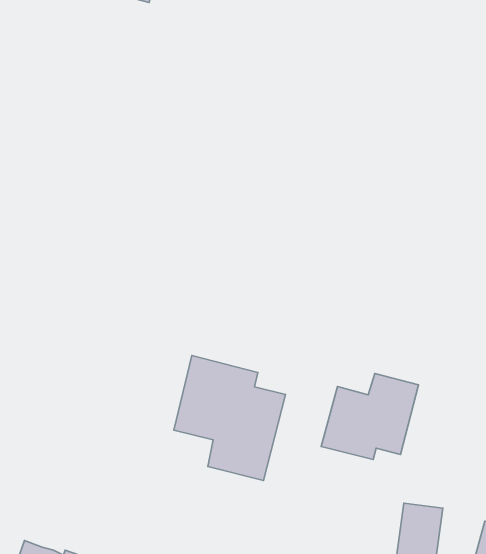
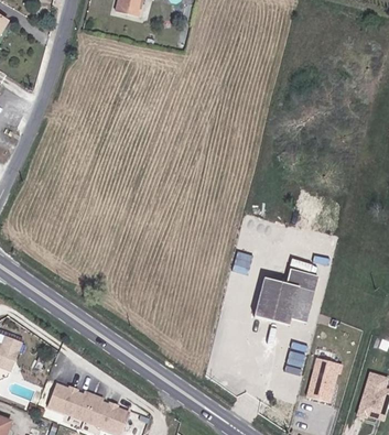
building: [174,355,286,481] -> none

